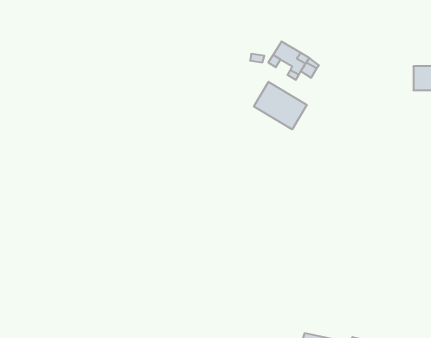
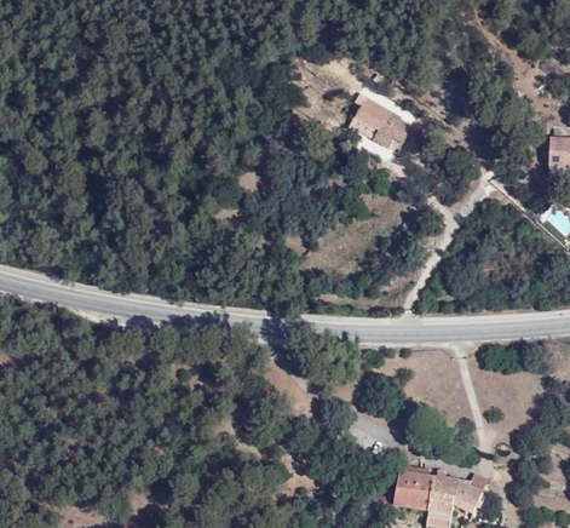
building: [254,82,307,129] -> none

